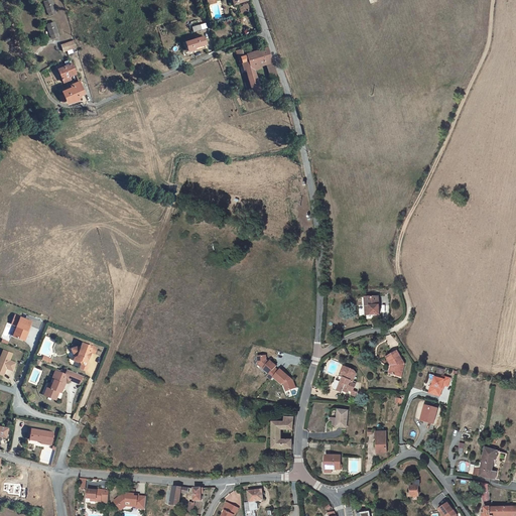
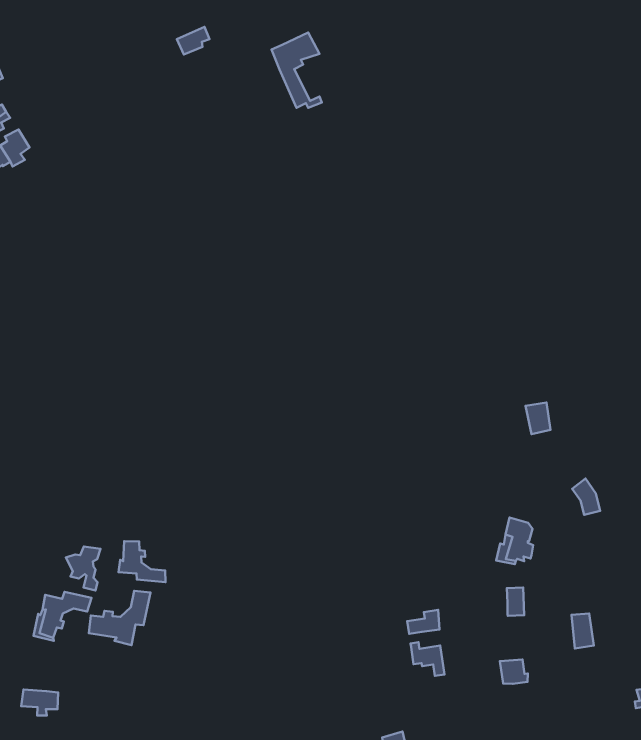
building: none -> [118,541,166,582]
building: [257,355,295,389] -> none
building: none -> [89,591,151,645]

